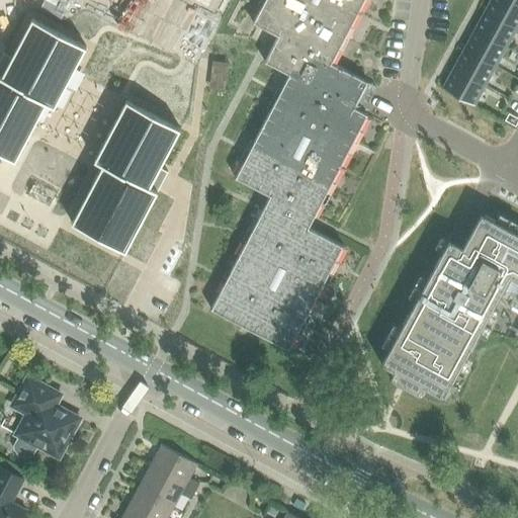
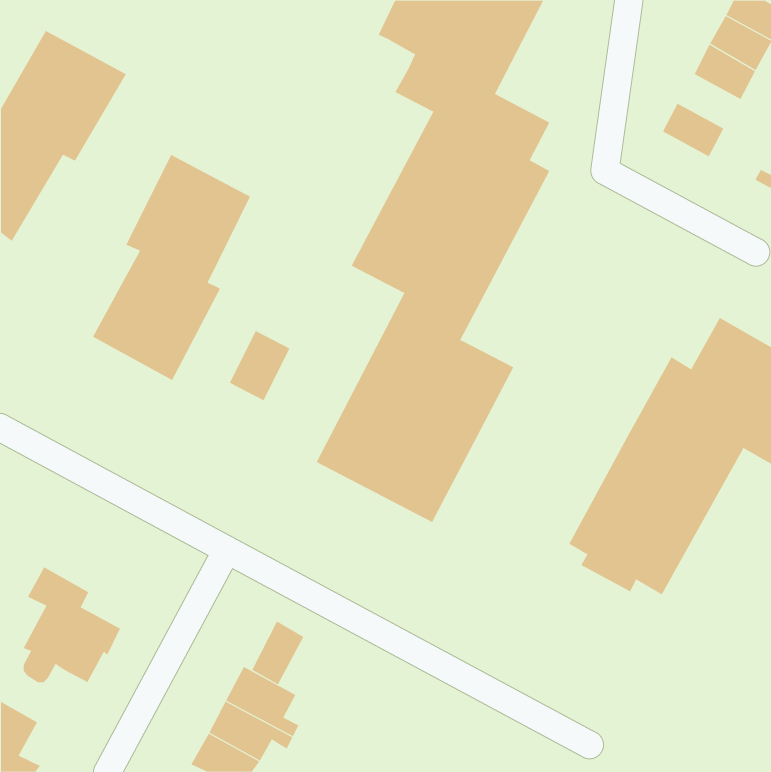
building: [454,50,497,86] -> none
building: none -> [229,330,290,401]
building: none -> [252,620,304,685]

